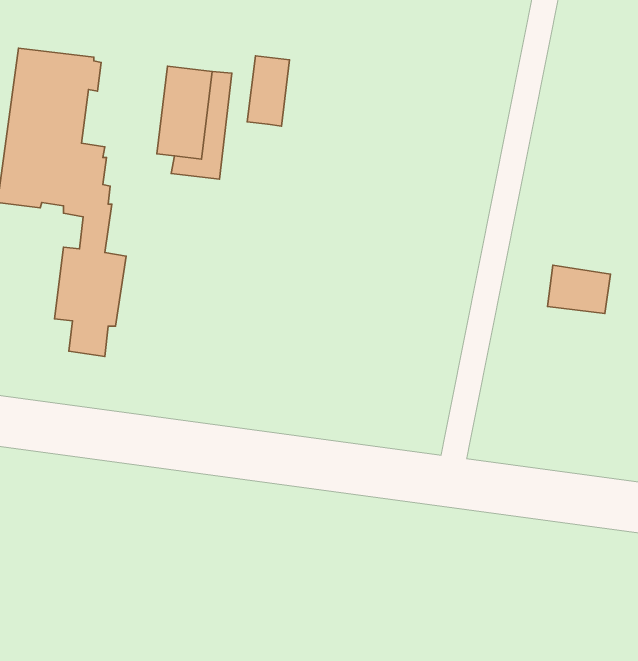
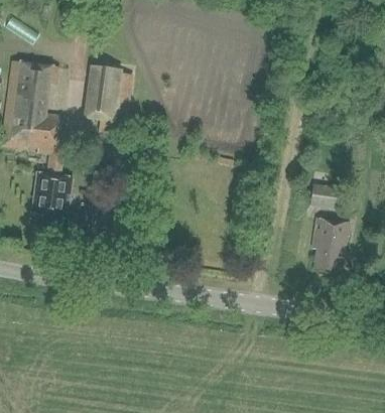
building: [247,56,289,126] -> none
building: none -> [312,217,349,271]

